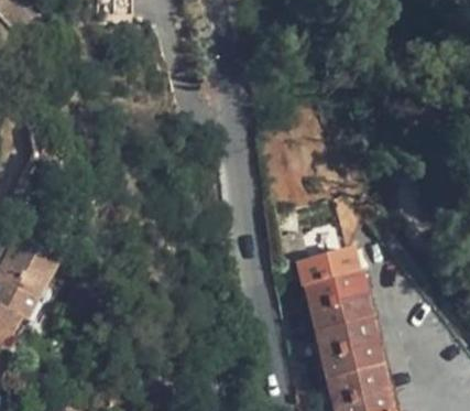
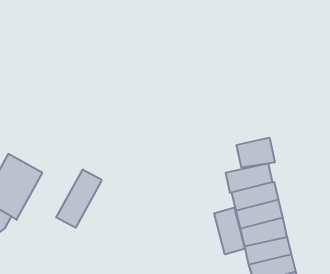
building: none -> [237,138,275,168]
building: none -> [56,169,101,228]
building: none -> [214,208,245,254]

